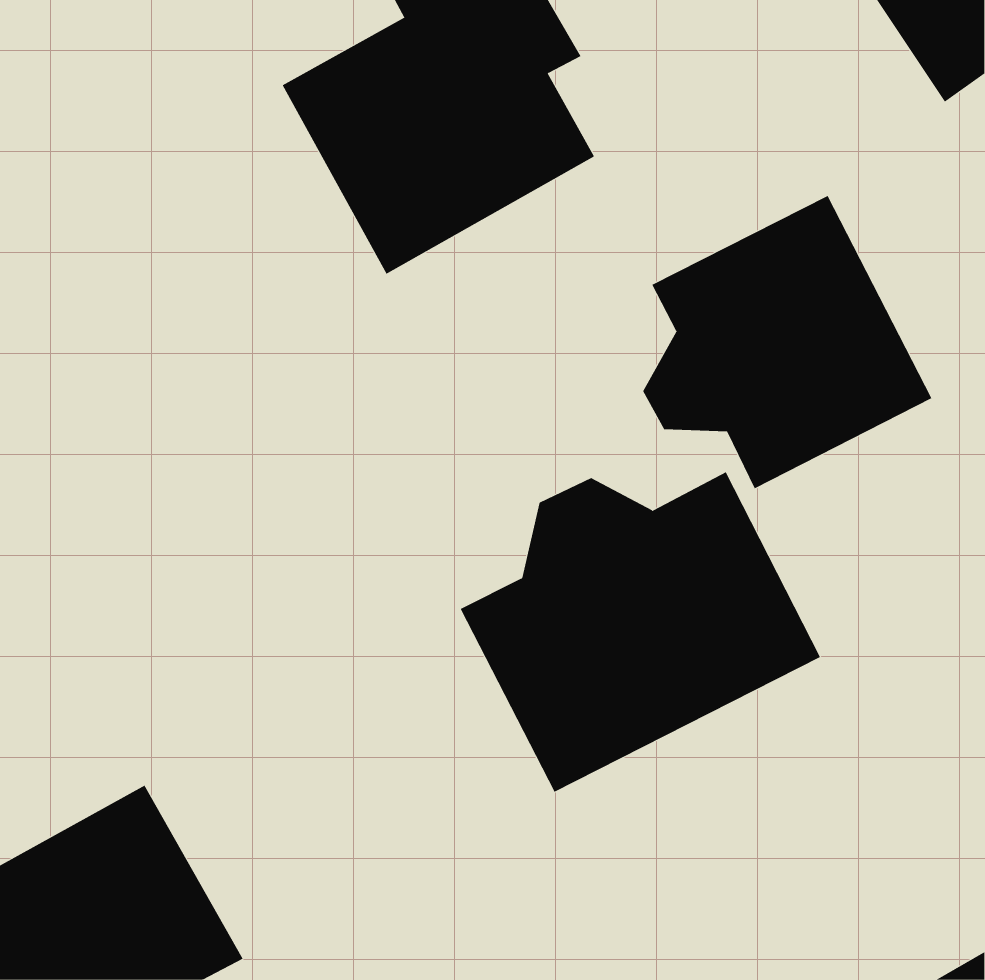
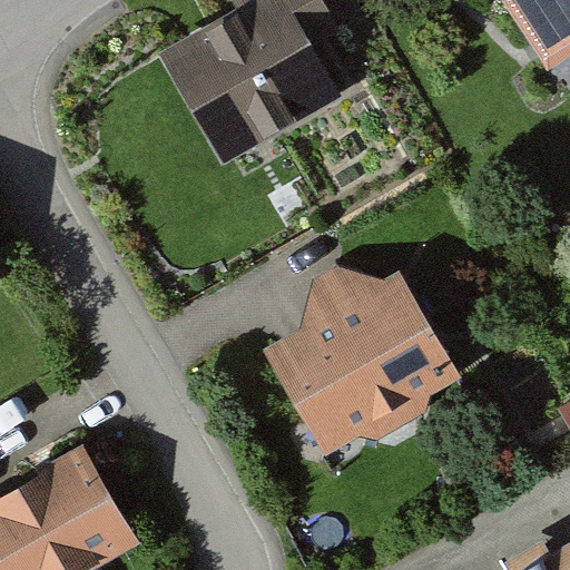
building: [643,195,932,489] -> none

